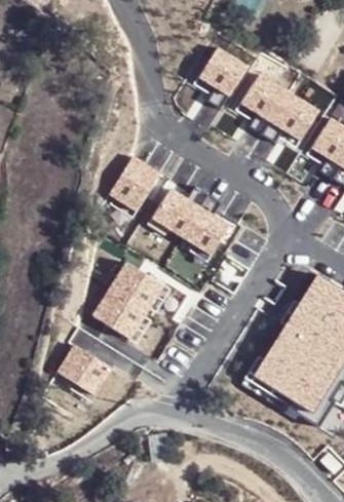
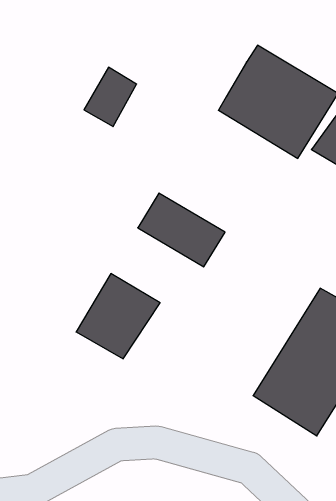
building: [196,47,250,100] -> none
building: [111,157,159,211] -> [84,67,137,127]
building: [56,343,110,392] -> none

